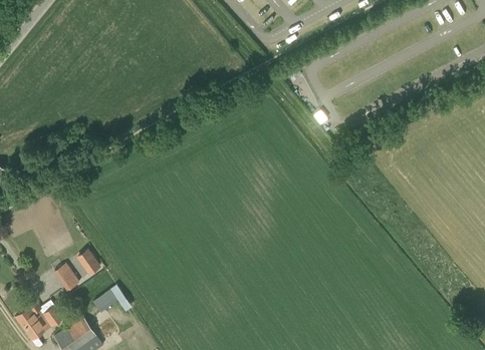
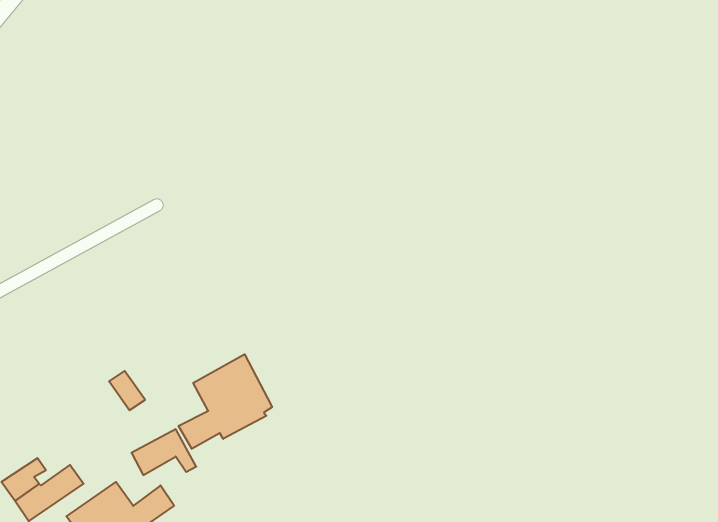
building: none -> [179,354,272,449]
building: [53,263,79,291] -> none

